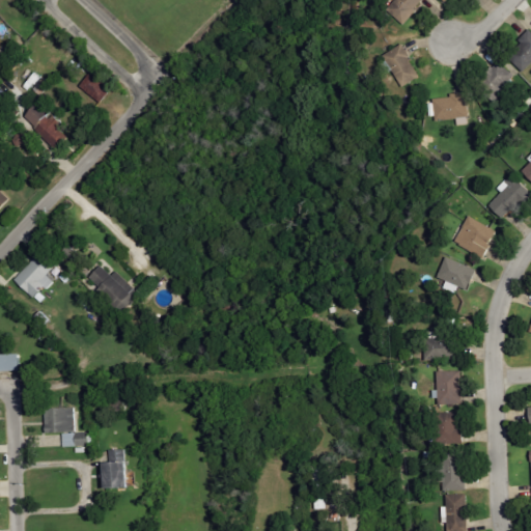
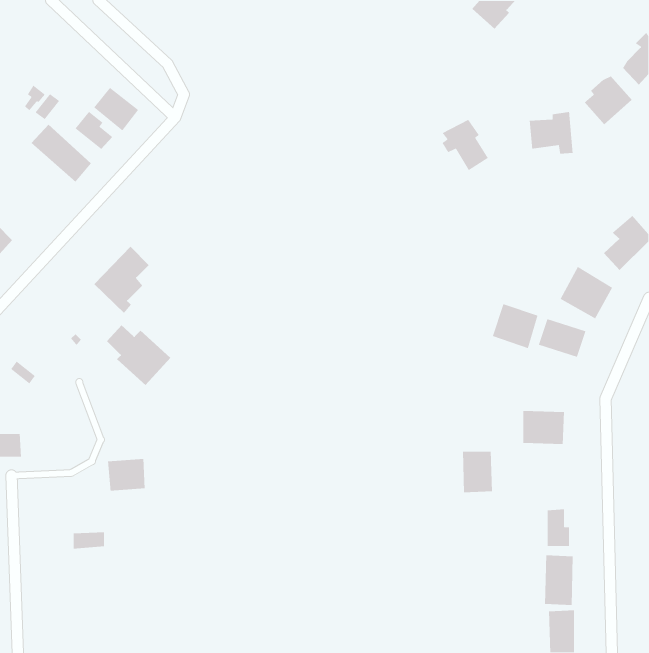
building: [378,41,416,84] -> [442,119,489,171]
building: none -> [75,111,113,150]
building: none -> [492,303,539,349]
building: [10,247,56,302] -> [93,246,150,314]
building: [437,371,462,406] -> [462,451,493,493]
building: [40,406,72,432] -> [107,458,146,491]
building: [97,448,124,486] -> none

